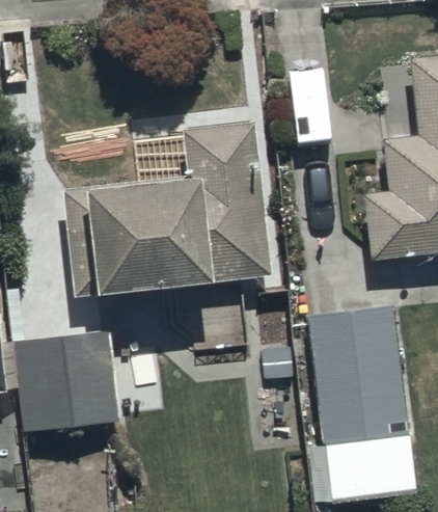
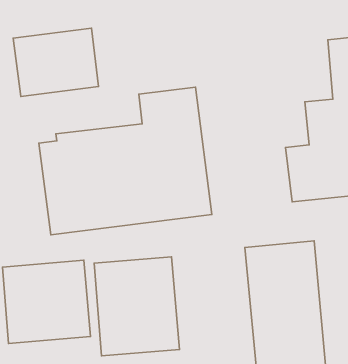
building: none -> [13,28,98,96]
building: none -> [94,257,179,356]

